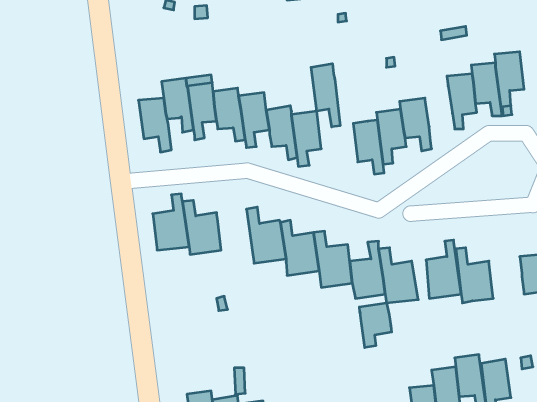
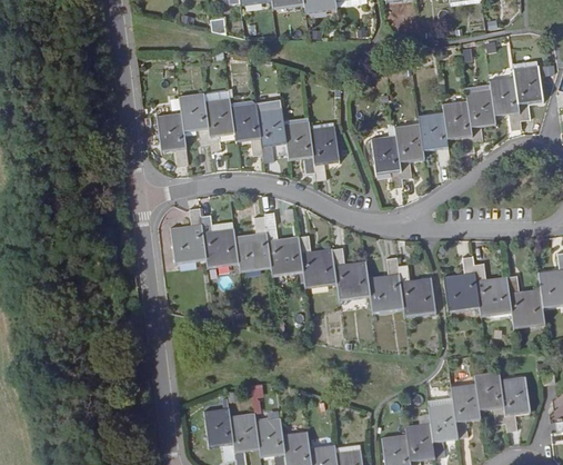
building: [311,64,340,127] -> none
building: none -> [442,99,474,152]
building: none -> [234,215,270,274]
building: none -> [507,274,545,330]
building: [359,303,392,348] -> none

